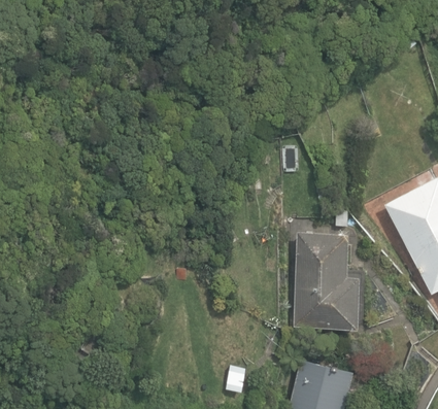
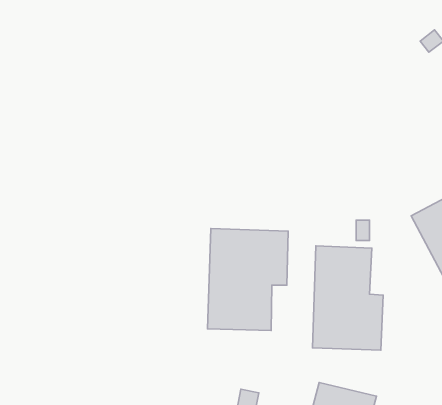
building: none -> [208,228,288,330]

